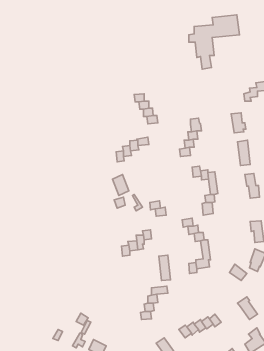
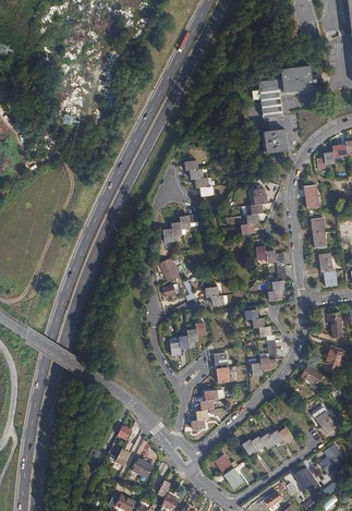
building: none -> [263,129,286,153]

